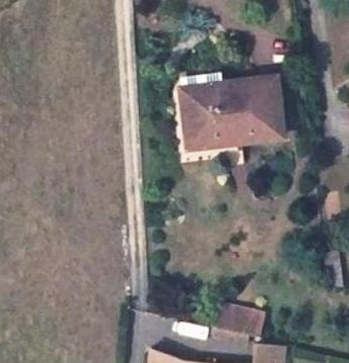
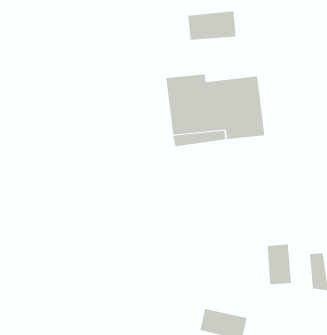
building: none -> [188,10,236,41]
building: none -> [267,244,292,285]

